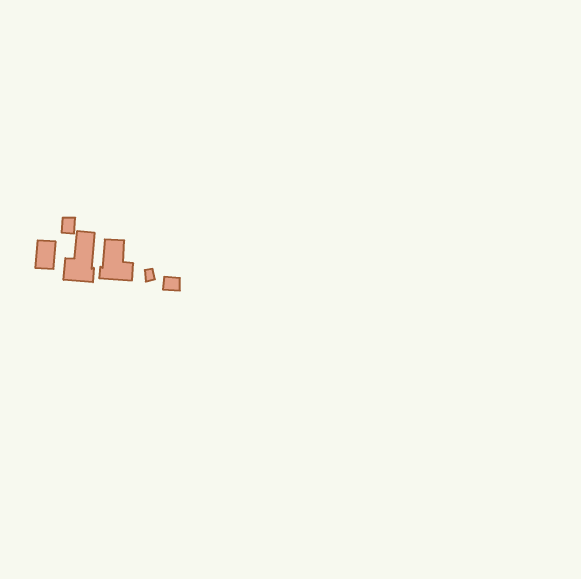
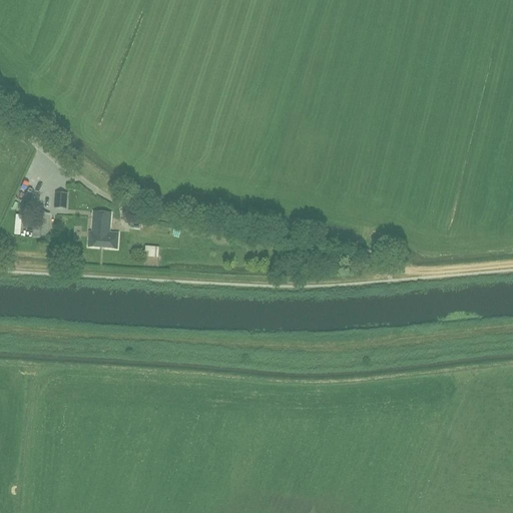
building: [64,231,94,282] -> none

